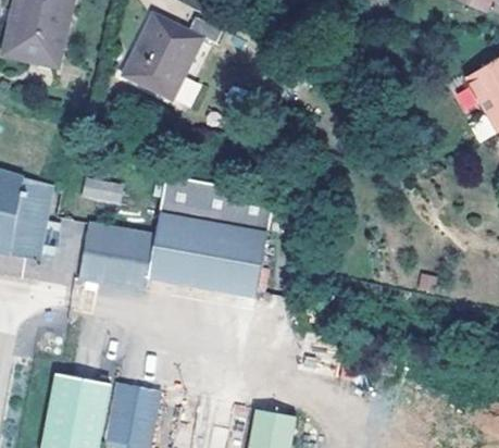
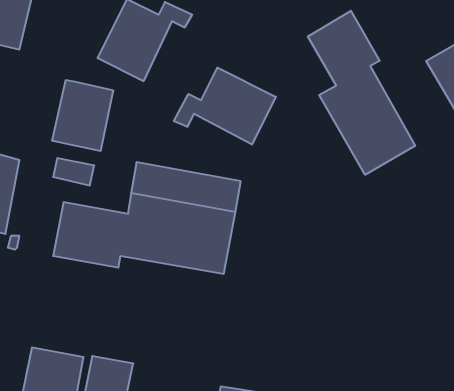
building: none -> [308,11,415,175]
building: none -> [174,68,276,145]
building: none -> [52,80,113,151]

